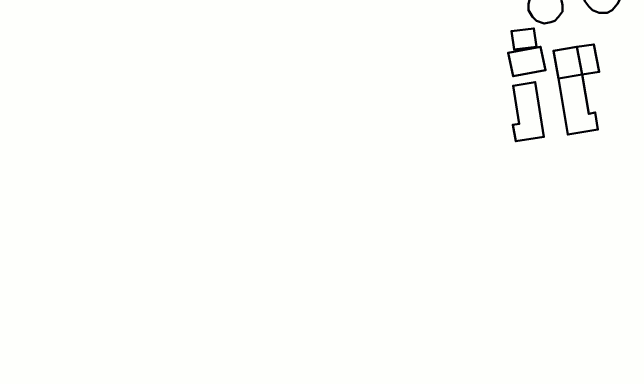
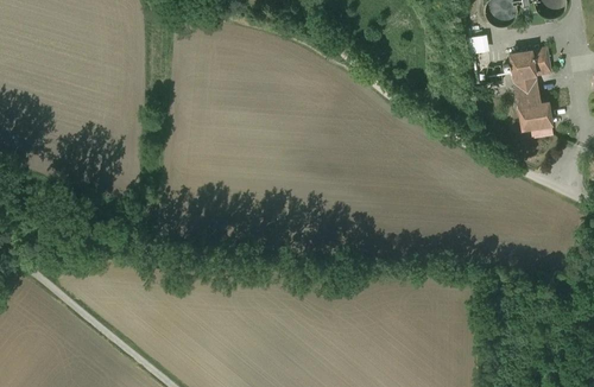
building: [508,47,546,76] -> none
building: [513,82,544,141] -> none

